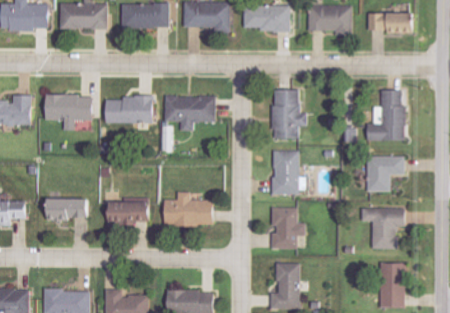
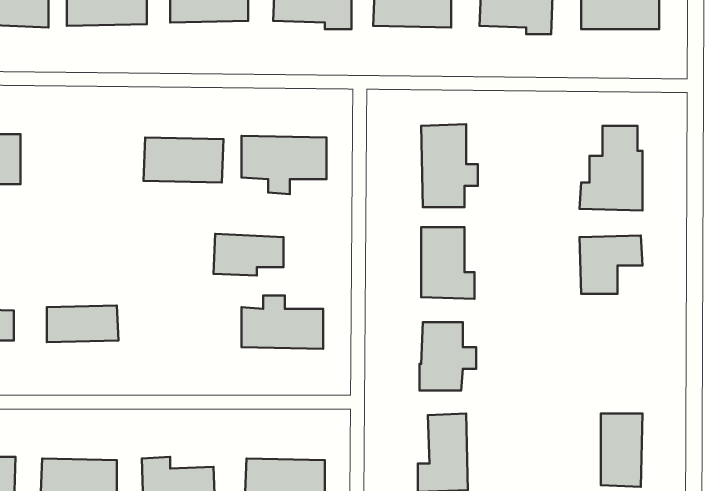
building: [45,95,92,131] -> none
building: [108,201,150,226] -> [214,234,284,275]
building: [362,208,405,249] -> none

